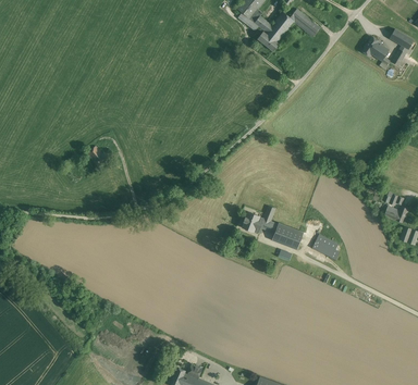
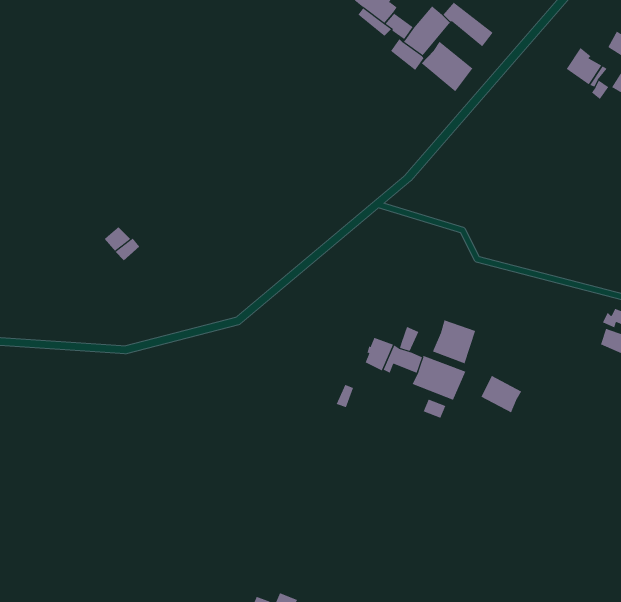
building: none -> [421,41,473,92]
building: none -> [432,319,476,364]

